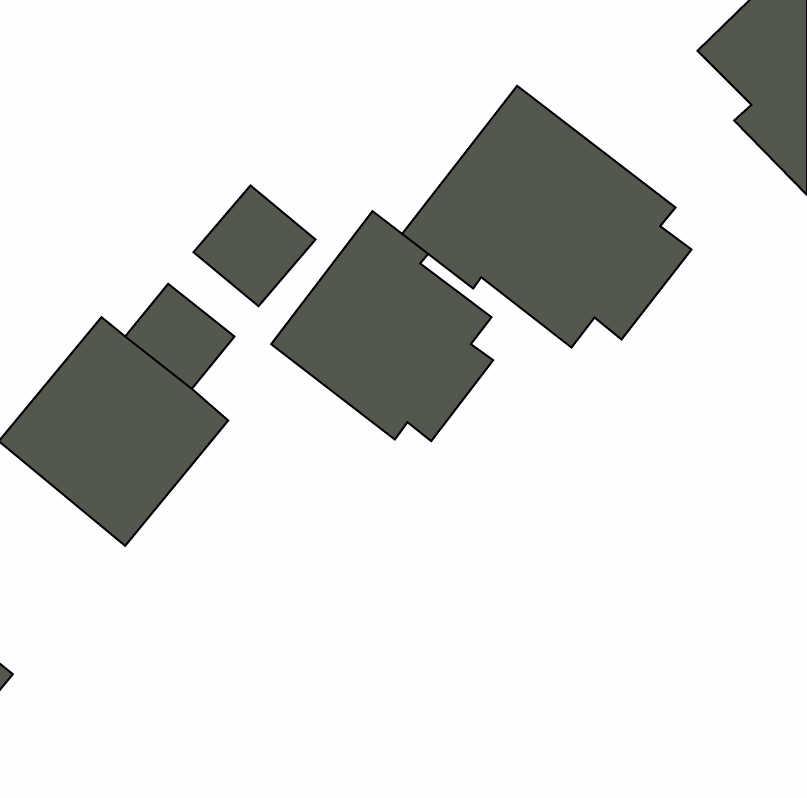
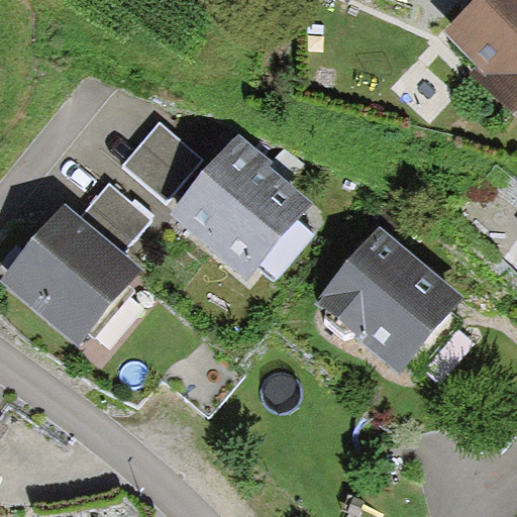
building: [402,86,691,348] -> none
building: none -> [318,231,457,370]

